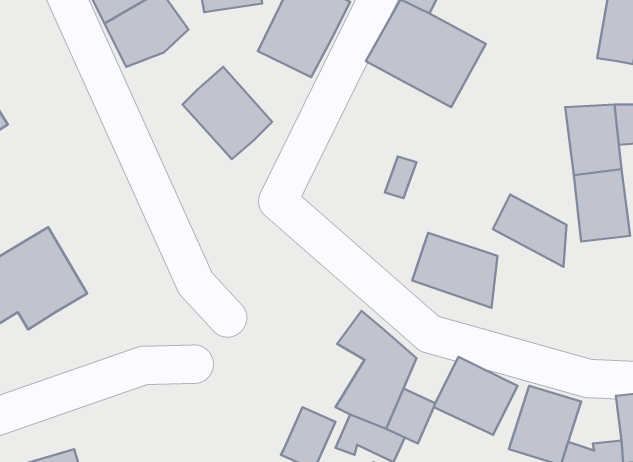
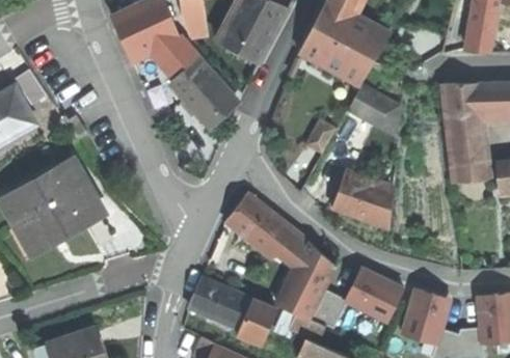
building: none -> [154,29,196,73]
building: [493,195,566,267] -> [348,85,401,137]
building: none -> [229,195,296,258]
building: none -> [189,279,253,331]

